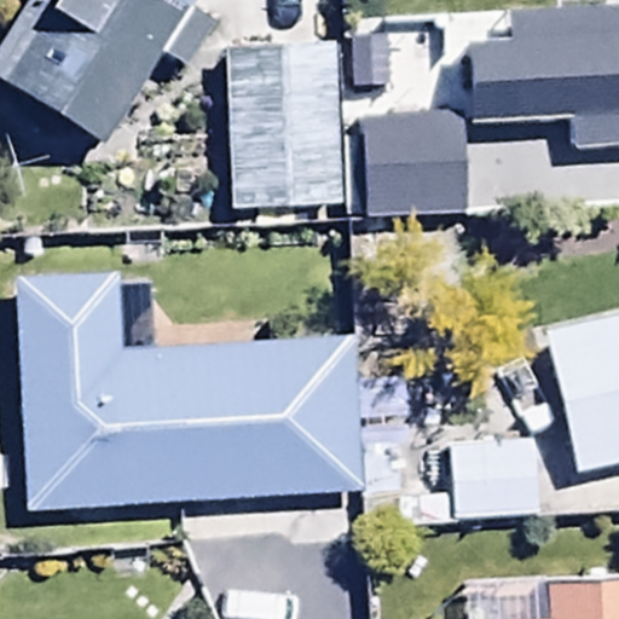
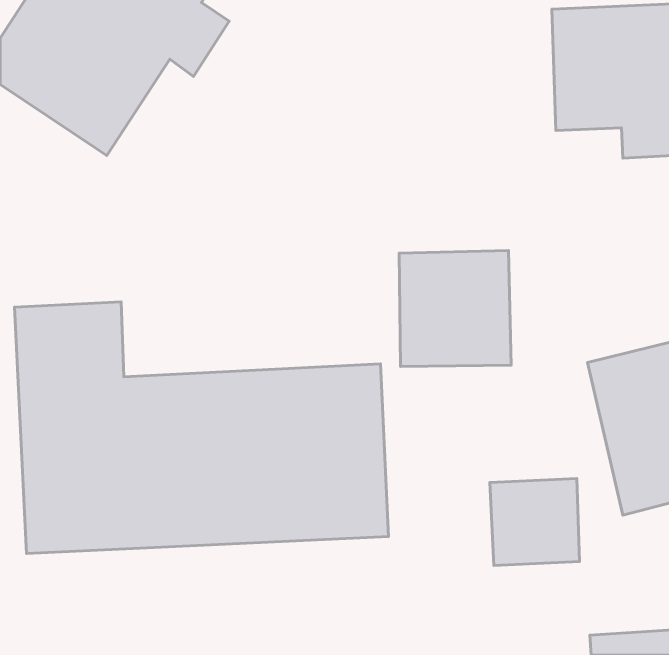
building: [226,47,345,210] -> none
building: [364,111,467,218] -> [399,251,511,367]

